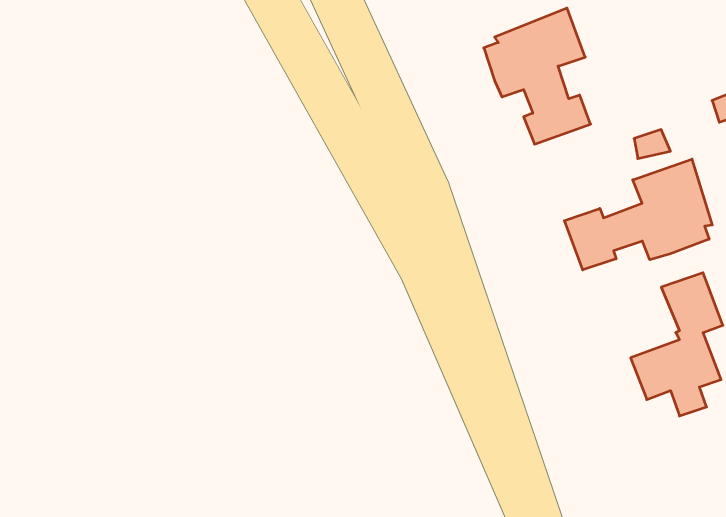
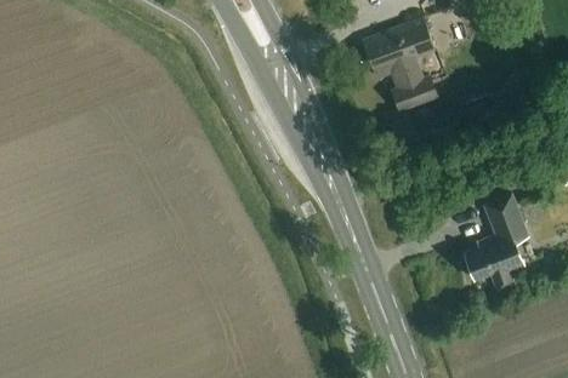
building: [564,159,712,270] -> none

